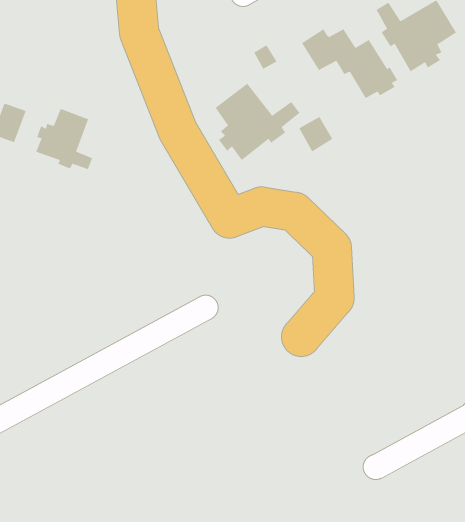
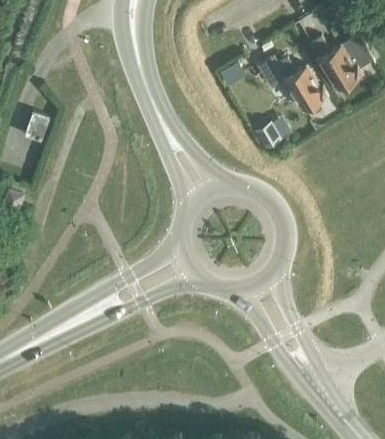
building: [215,83,300,161] -> none
building: [36,108,93,170] -> none

